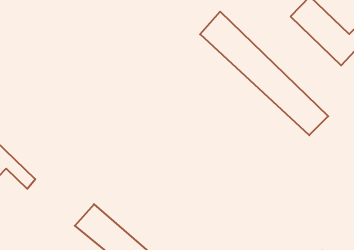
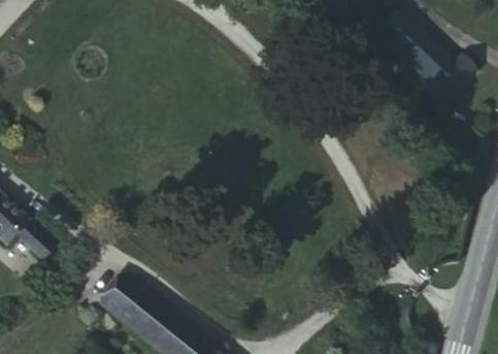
building: [200,12,328,135] -> none

